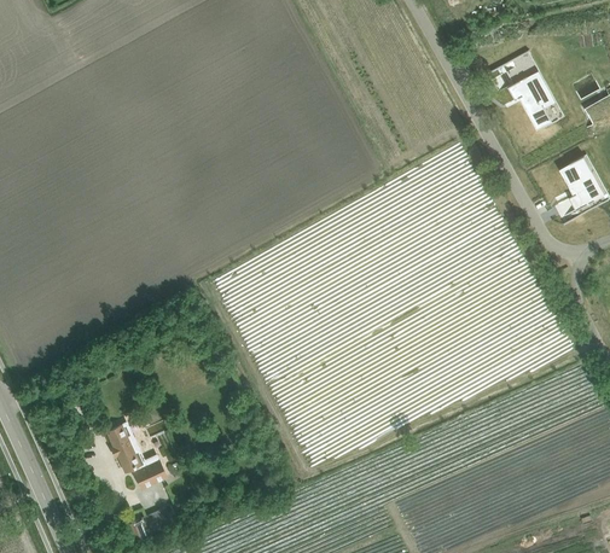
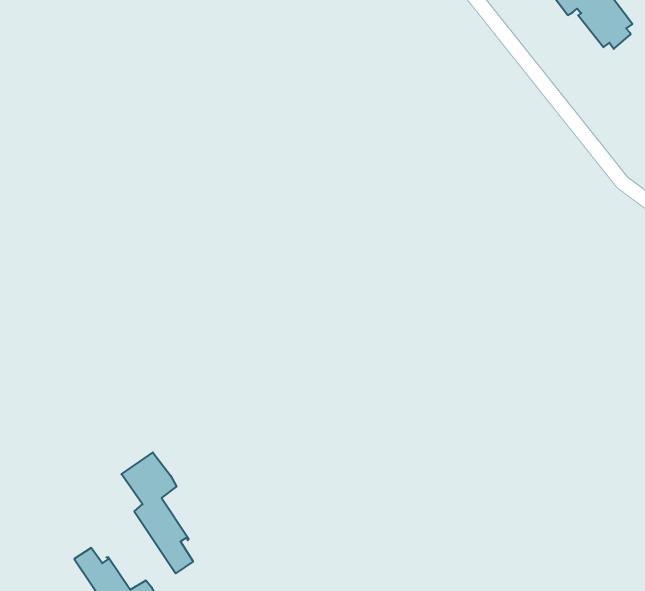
building: none -> [121,452,193,573]

